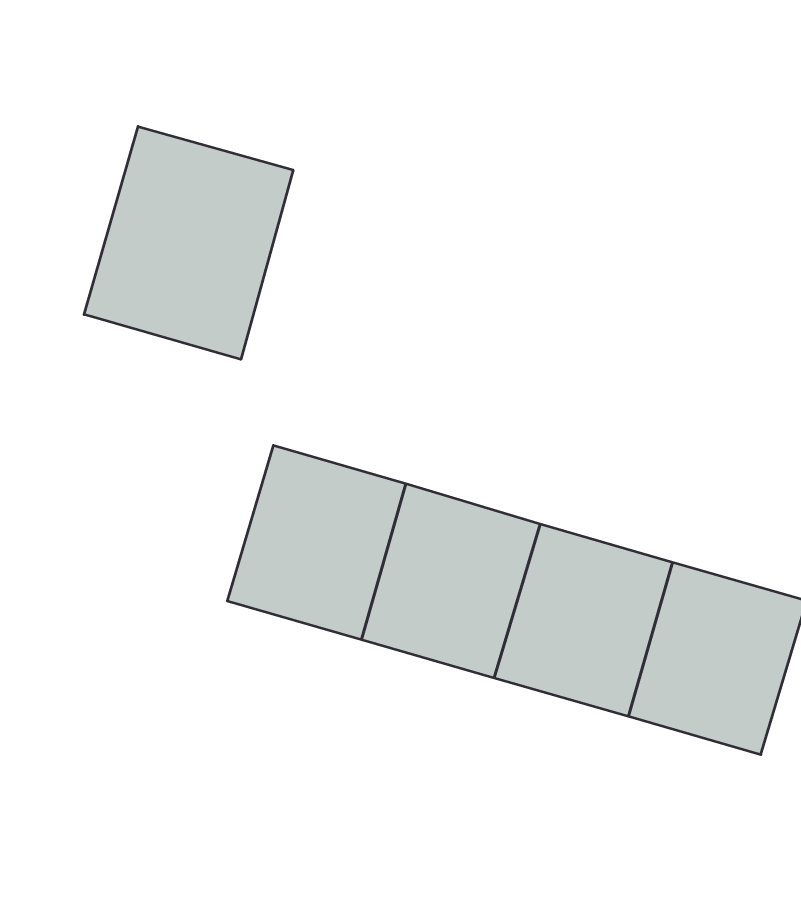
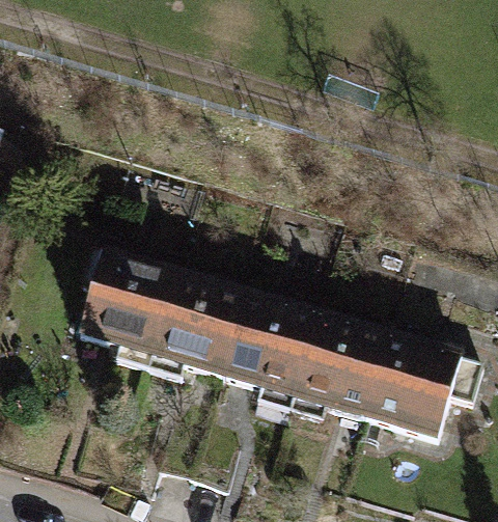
building: [84,126,293,359] -> none
building: none -> [77,250,173,355]

